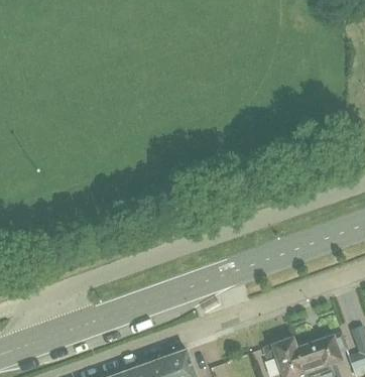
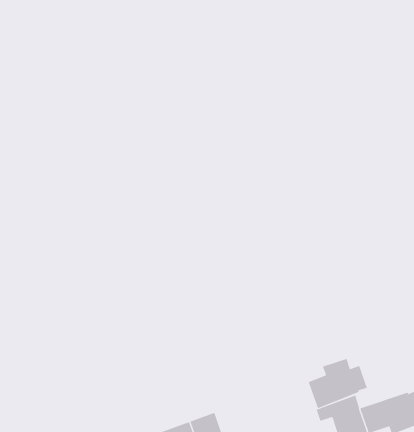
building: none -> [304,358,368,409]

